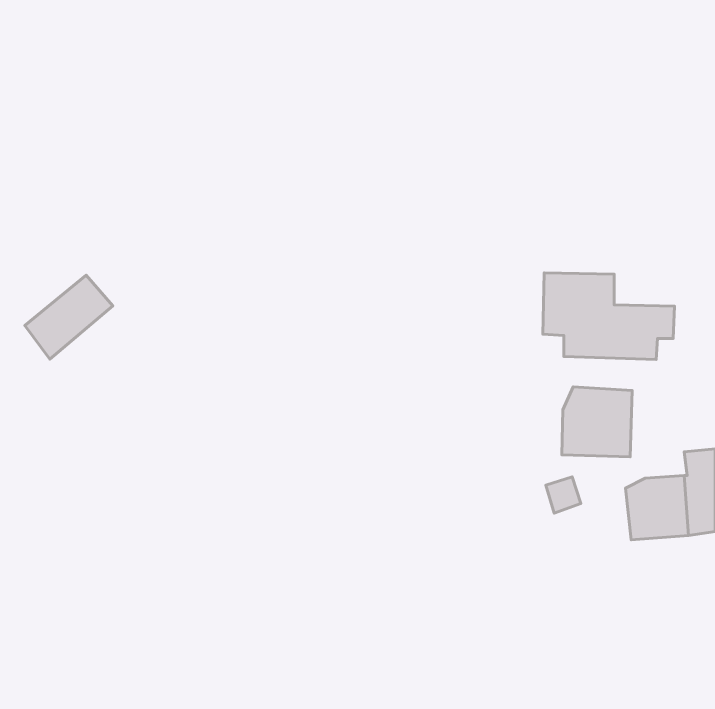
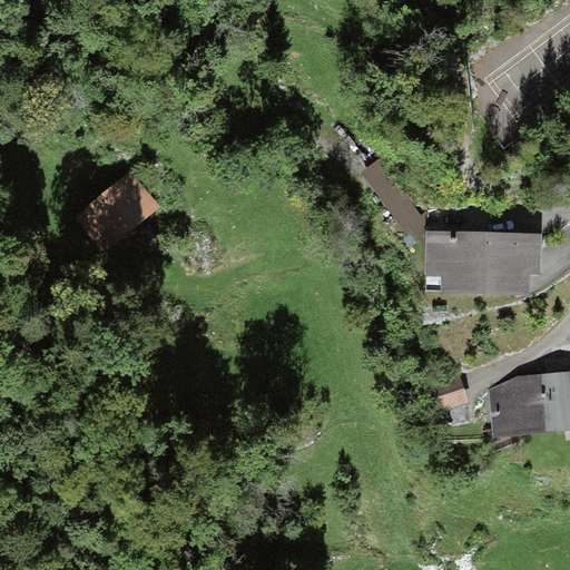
building: [25,275,113,359] -> [82,184,153,250]
building: [562,387,632,457] -> none

